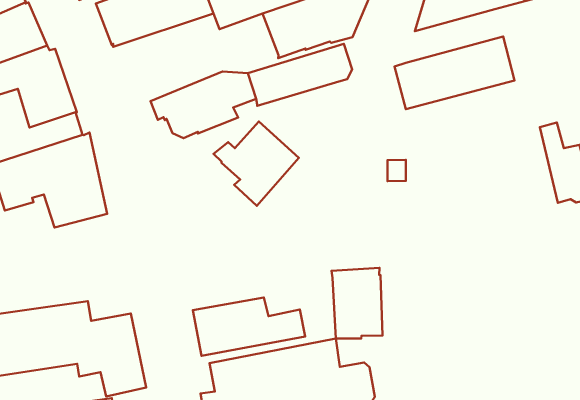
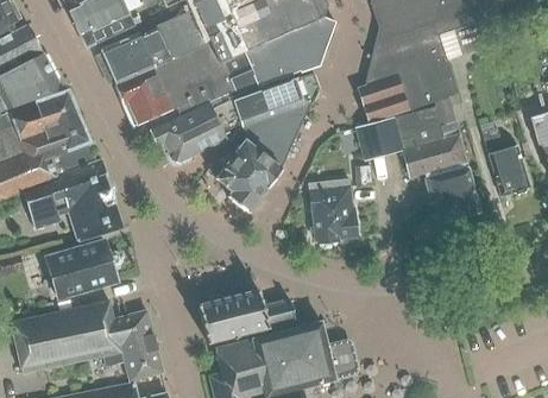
building: none -> [365,33,446,83]
building: none -> [116,49,257,122]
building: none -> [241,102,309,169]
building: none -> [355,96,478,219]
building: none -> [44,239,122,298]
building: [332,268,383,339] -> [308,178,354,240]

